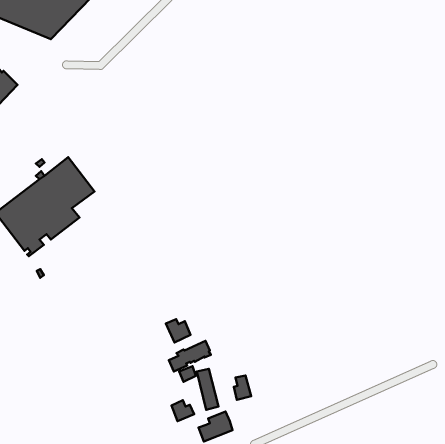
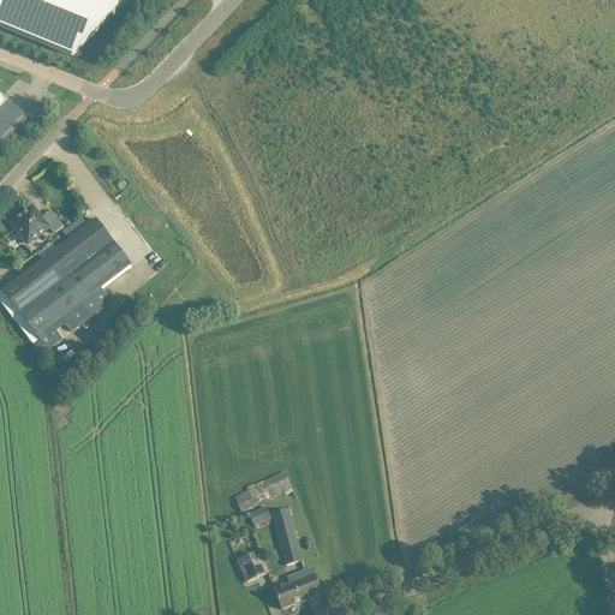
building: none -> [10,204,47,241]
building: [166,319,190,343] -> none
building: [234,376,251,400] -> none

